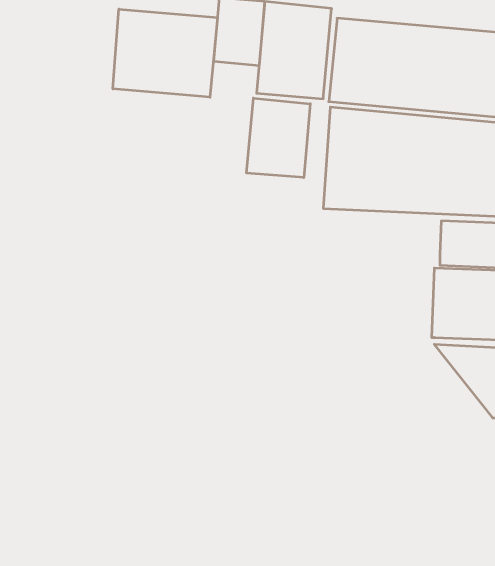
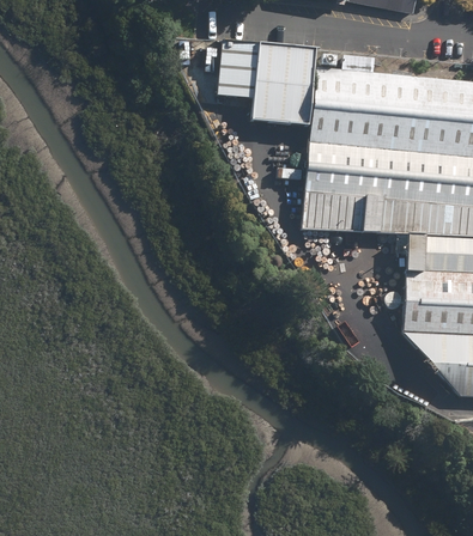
building: [113,9,217,97] -> none
building: [247,98,310,178] -> none

